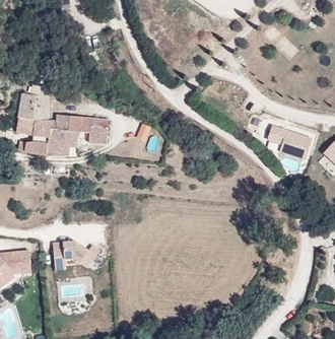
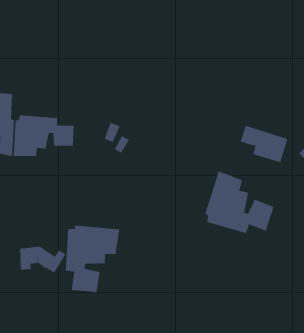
building: none -> [205,170,274,234]
building: none -> [65,225,120,293]

